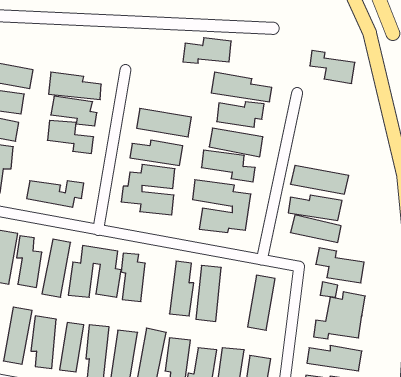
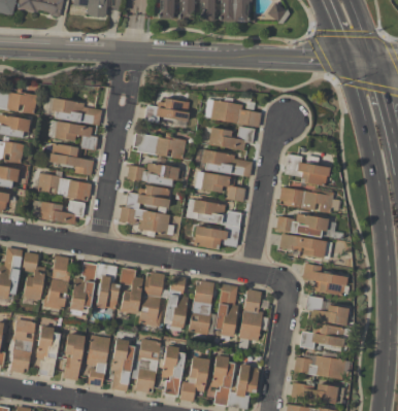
building: [183,38,231,63] -> [144,98,190,122]
building: [310,50,355,83] -> [287,155,329,185]
building: none -> [38,174,92,199]
building: none -> [139,271,166,326]
building: none -> [215,283,238,334]

